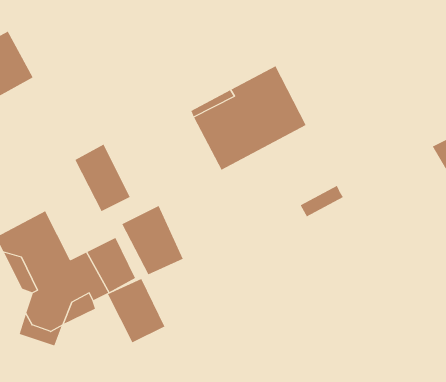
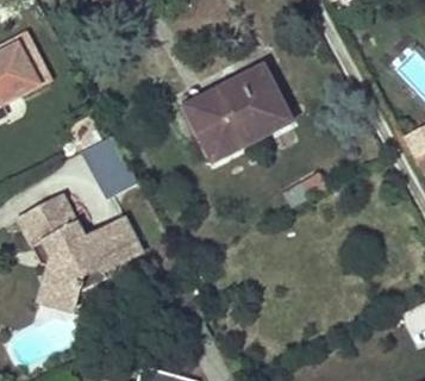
building: [121,205,183,275] -> none
building: [107,278,165,343] -> none

